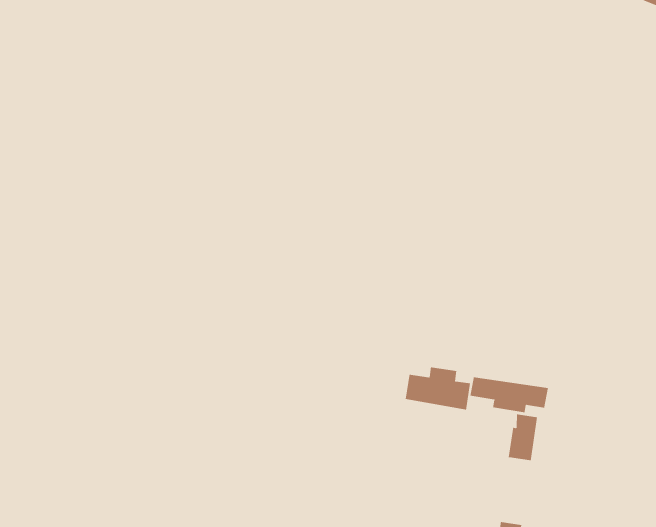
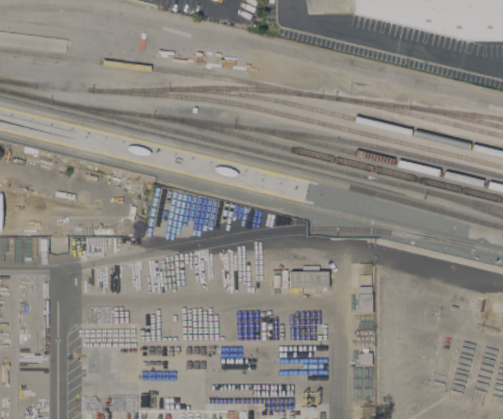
building: [470,377,548,413] -> none

